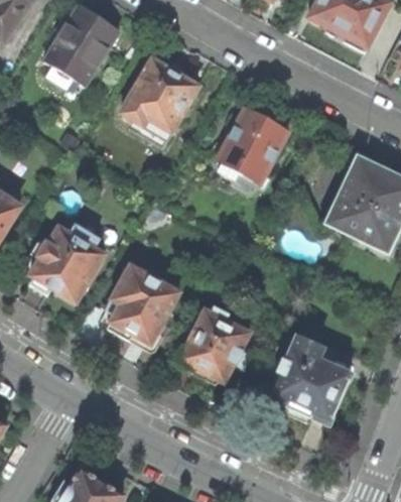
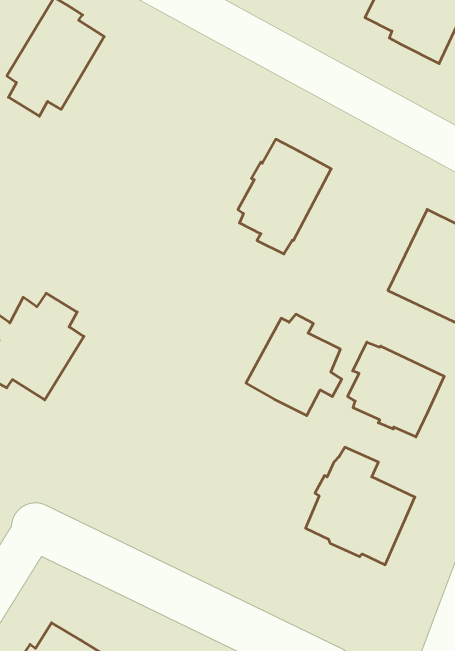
building: [122,60,198,146] -> none
building: none -> [348,342,444,437]
building: [105,264,177,350] -> none
building: [177,305,249,381] -> [246,314,342,416]

